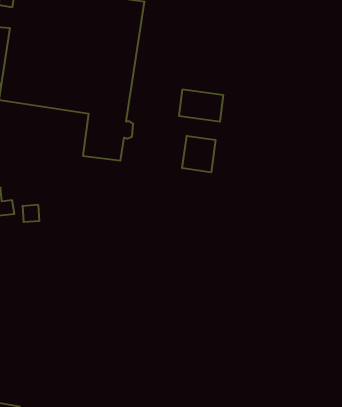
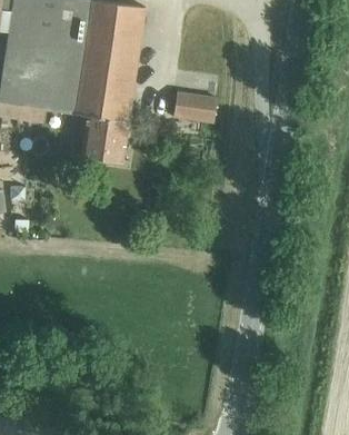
building: [182,136,216,172] -> none

